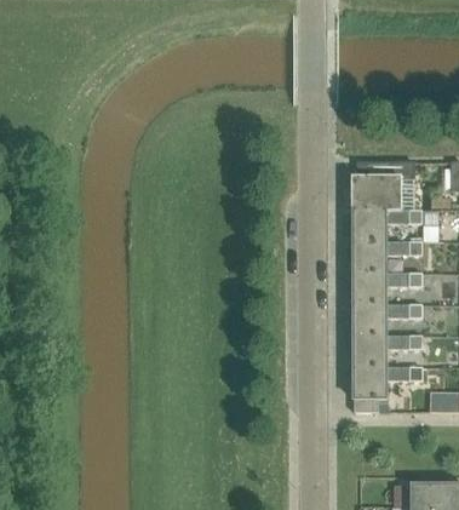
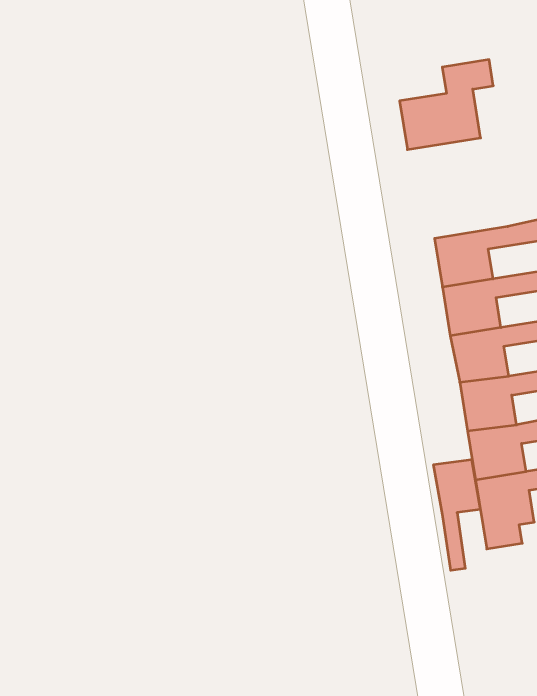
building: [352,161,413,210] -> [400,60,493,150]
building: none -> [434,459,480,570]

